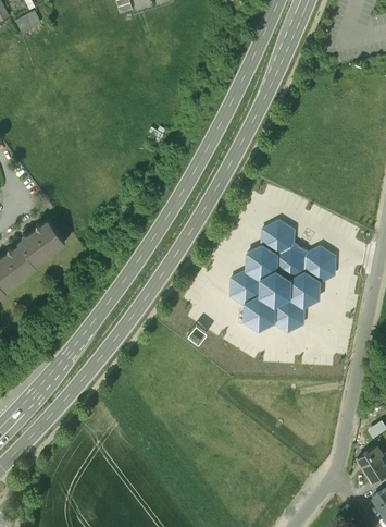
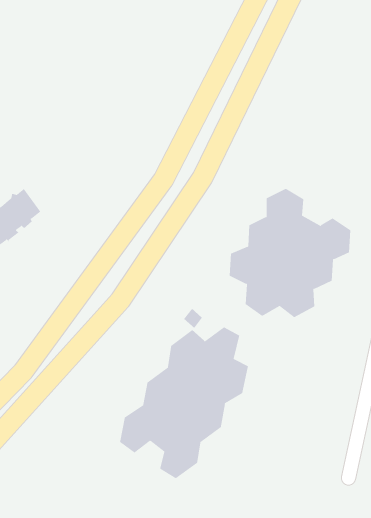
building: none -> [119,326,249,479]

